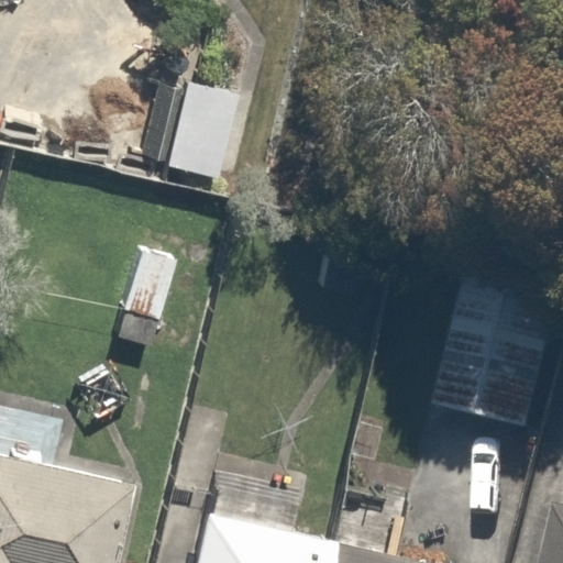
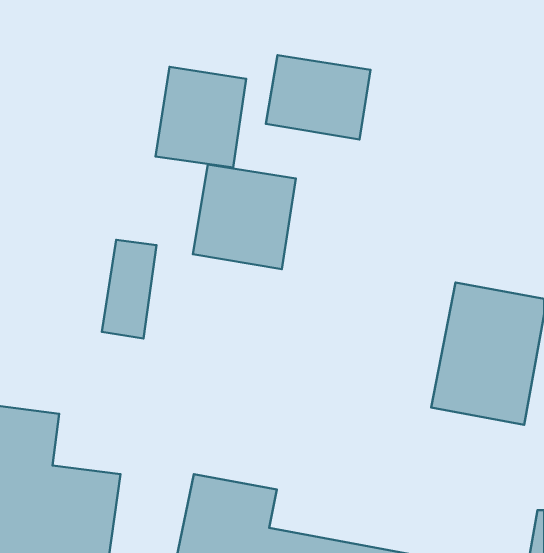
building: none -> [266,55,370,140]
building: none -> [193,165,296,269]

